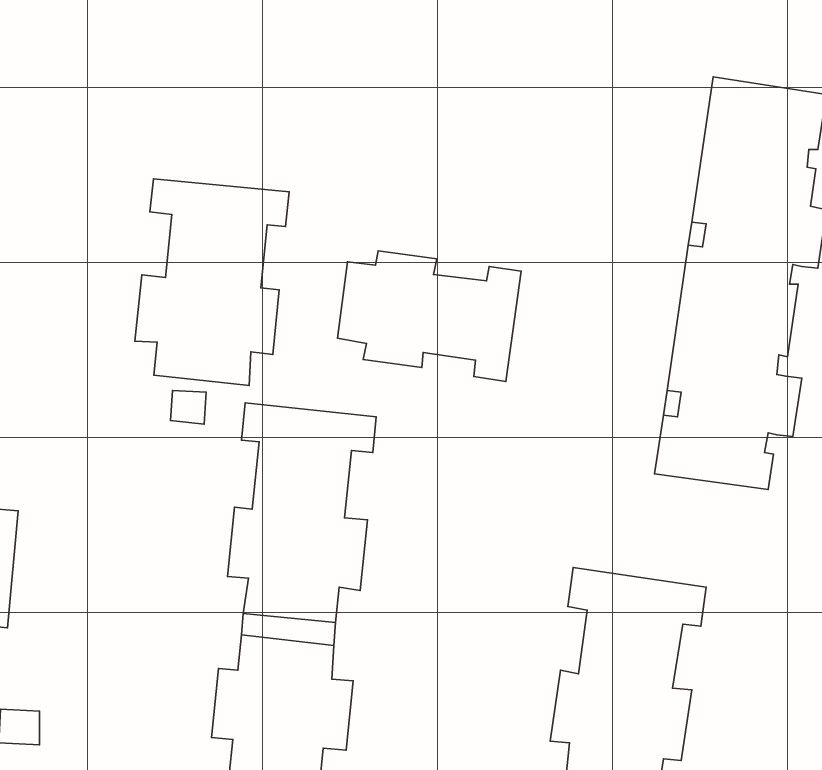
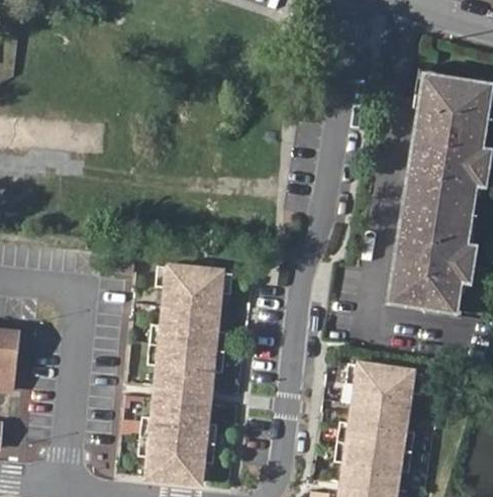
building: [135,179,289,385] -> none
building: [337,251,521,381] -> none

